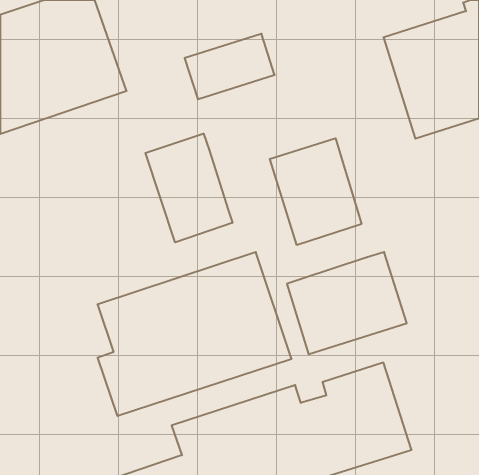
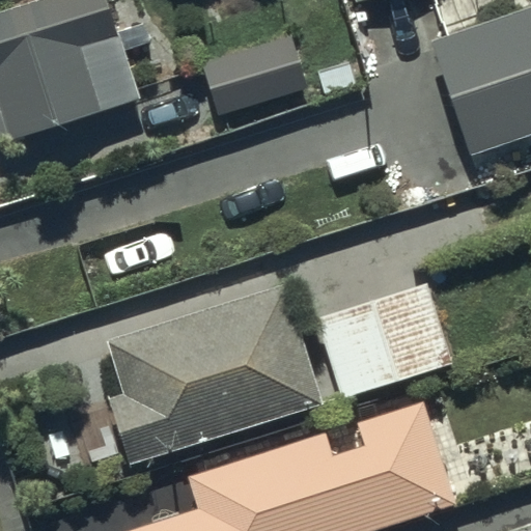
building: [145,134,232,242] -> none
building: [270,138,361,245] -> none

